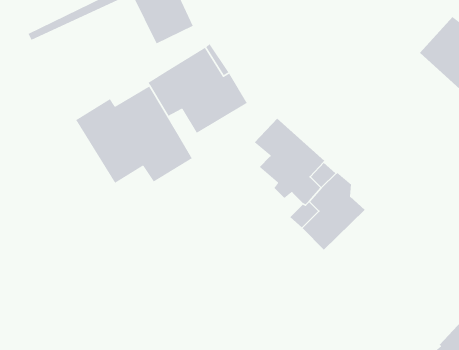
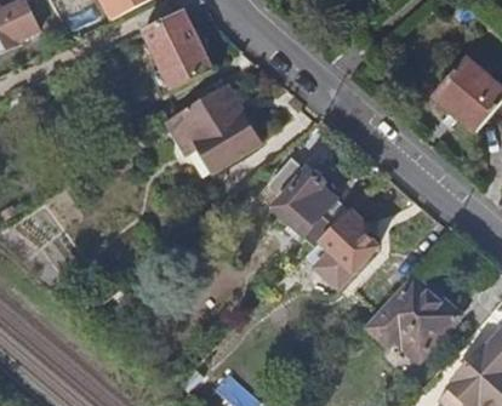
building: [75,86,193,184] -> none
building: none -> [373,280,461,360]

